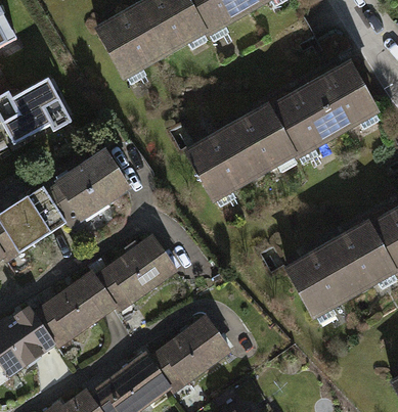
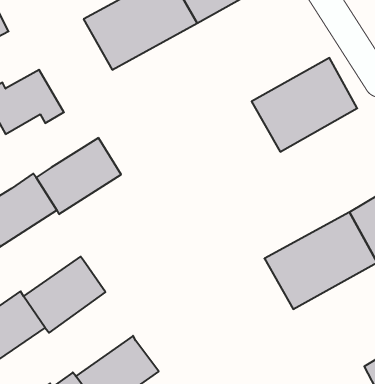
building: [182,108,299,209] -> none
building: [95,232,179,308] -> none
building: [149,314,233,392] -> none

